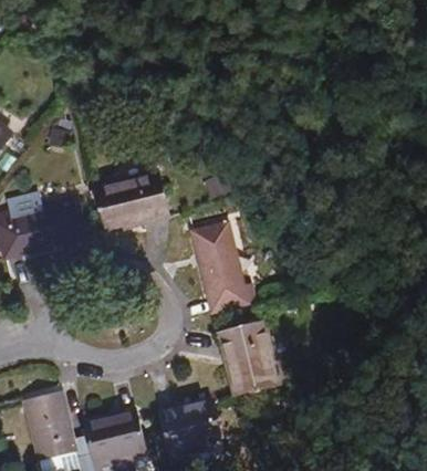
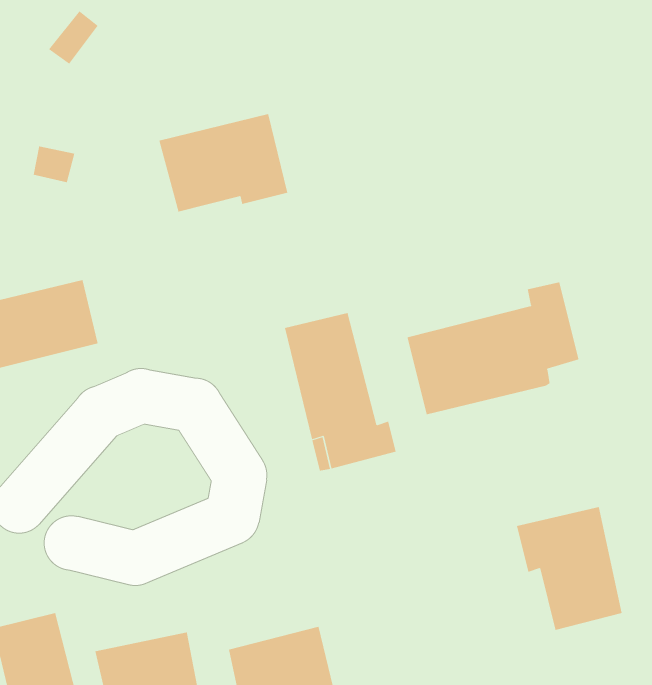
building: [94,171,168,228] -> [158,113,288,212]
building: none -> [407,281,579,415]
building: [216,322,277,393] -> [516,507,623,631]

